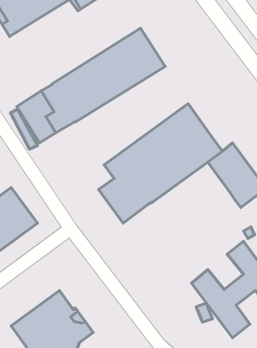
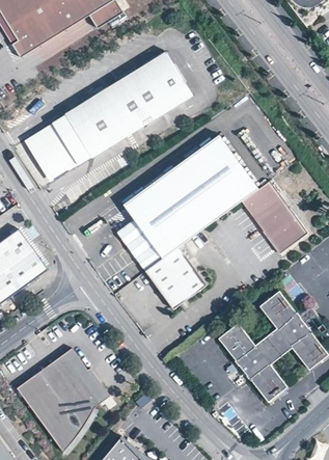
building: none -> [144,247,205,309]

